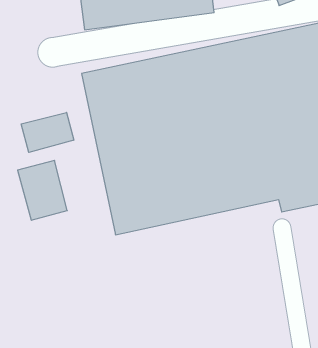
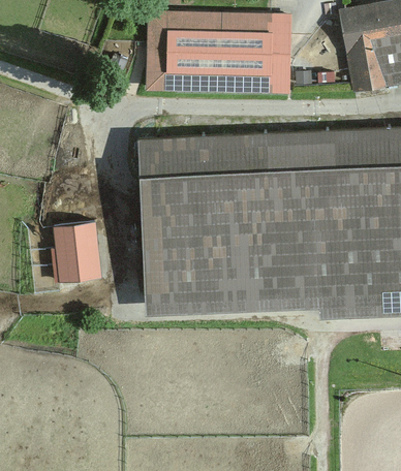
building: [21,112,74,152] -> none

